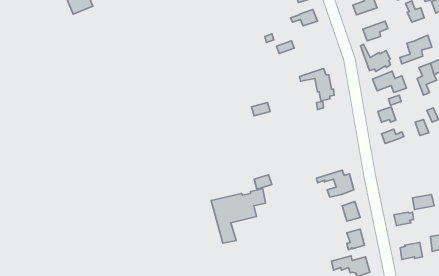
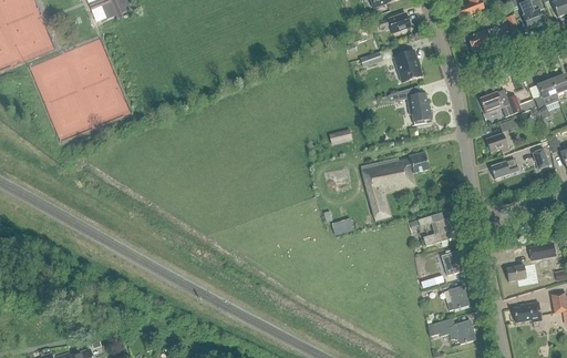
building: [400,35,432,64] -> none
building: none -> [393,49,421,81]
building: [361,44,391,72] -> none
building: [211,189,266,243] -> [360,152,427,219]

